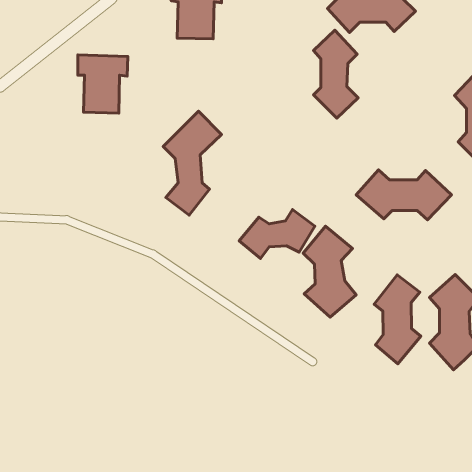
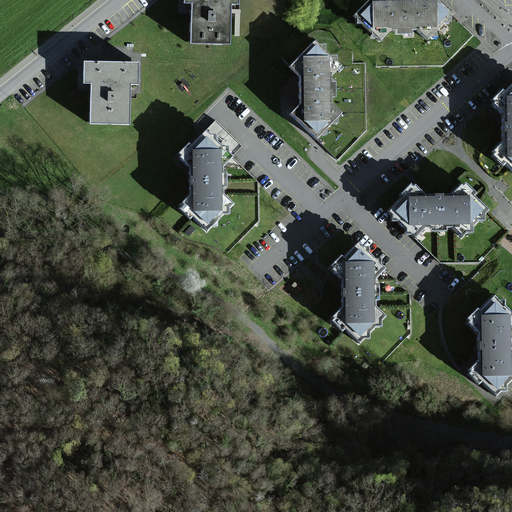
building: [314,30,358,118] -> [291,38,339,133]
building: [239,209,315,259] -> none
building: [374,275,421,364] -> none

